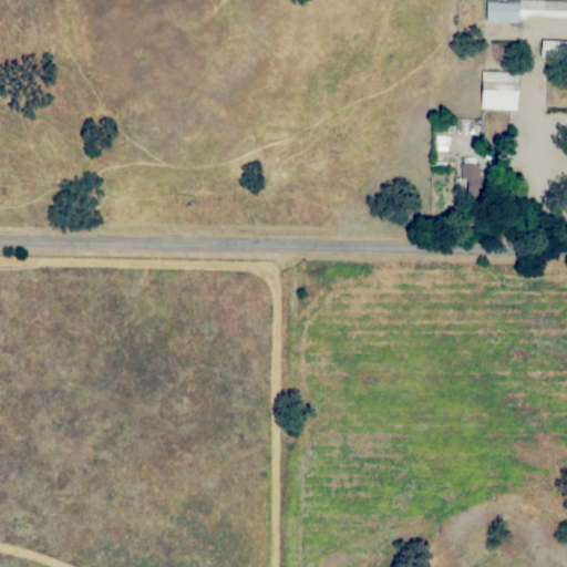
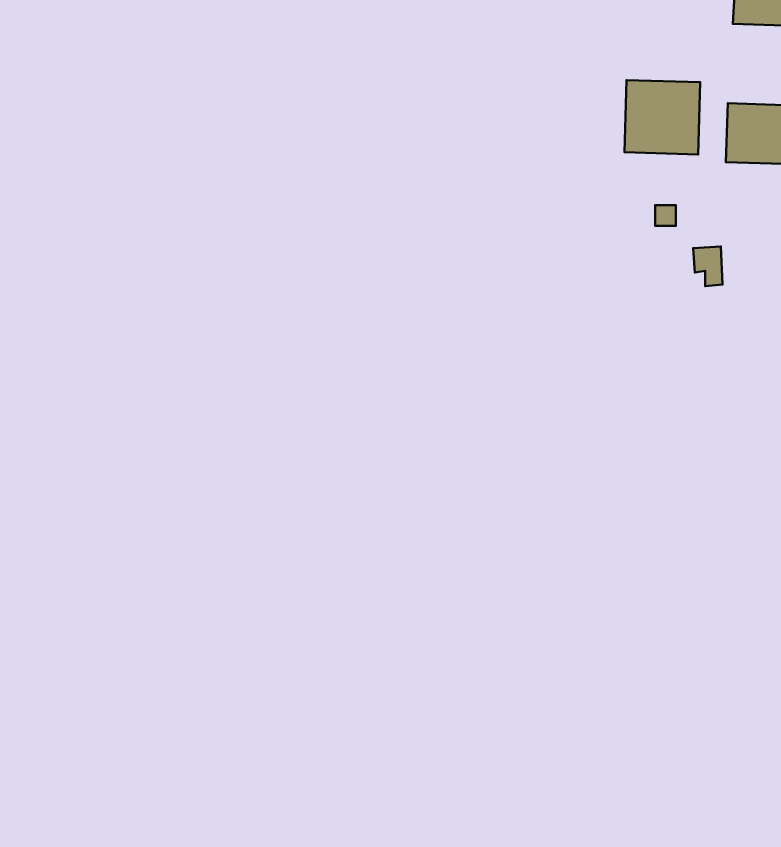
building: none -> [625,80,700,154]

